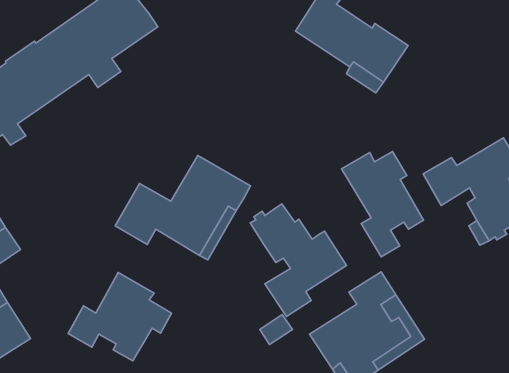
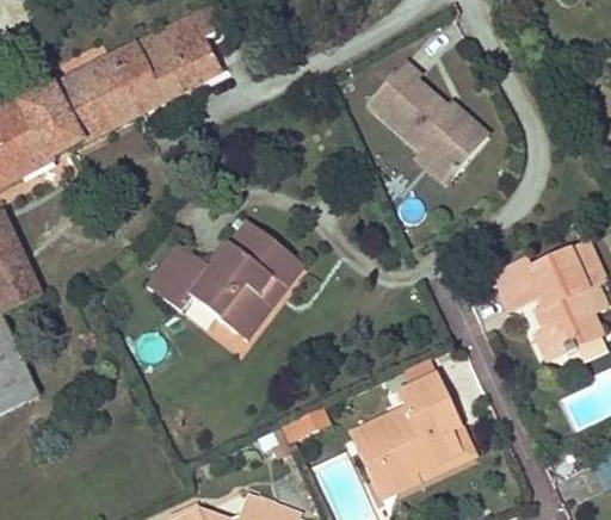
building: [342,151,424,257] -> none
building: [250,204,346,317] -> none
building: [68,273,172,361] -> none

